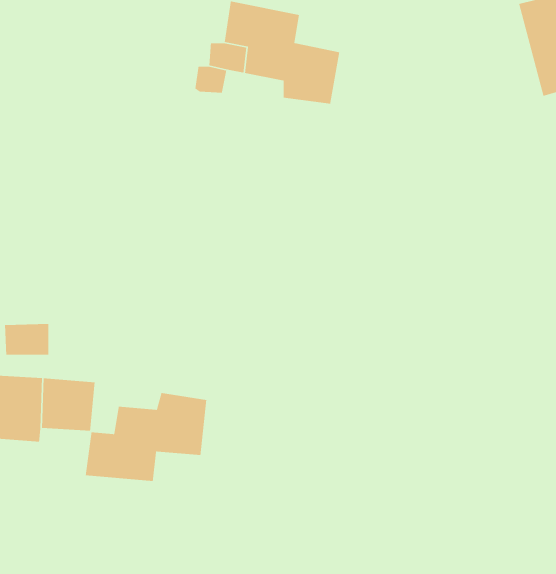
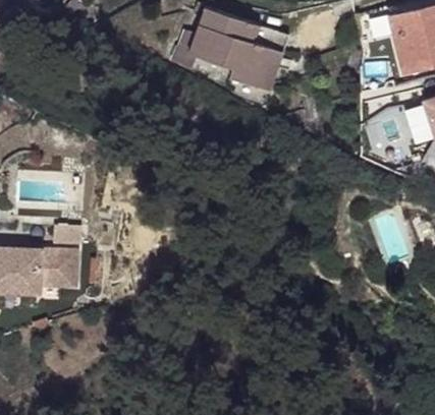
building: none -> [238,18,281,80]
building: [85,392,207,482] -> none

